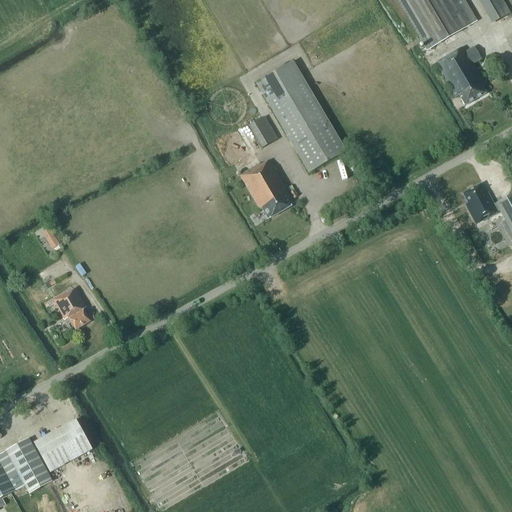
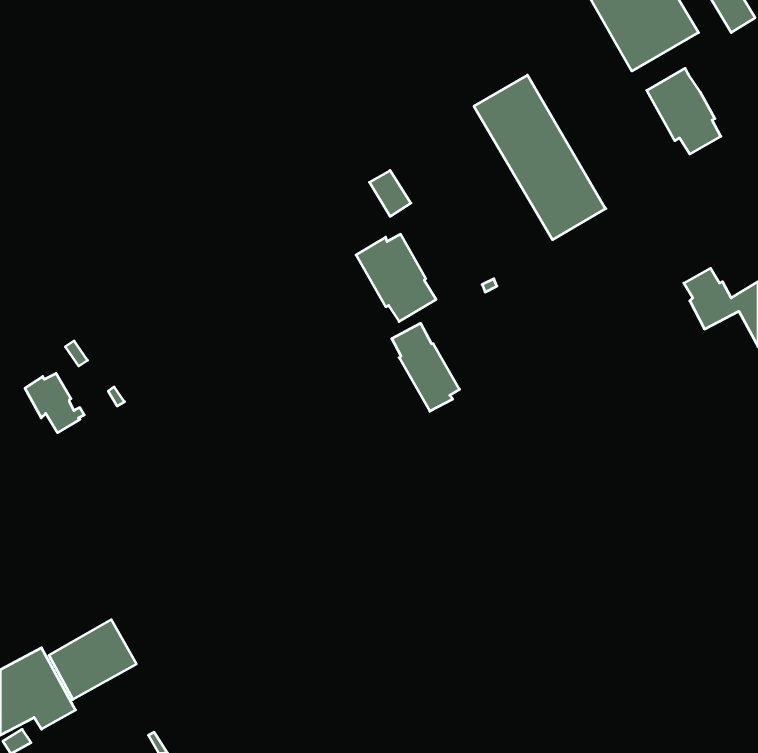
building: [257,59,346,170] -> [474,75,606,240]
building: none -> [392,323,460,411]
building: [54,288,94,328] -> [25,373,84,433]

